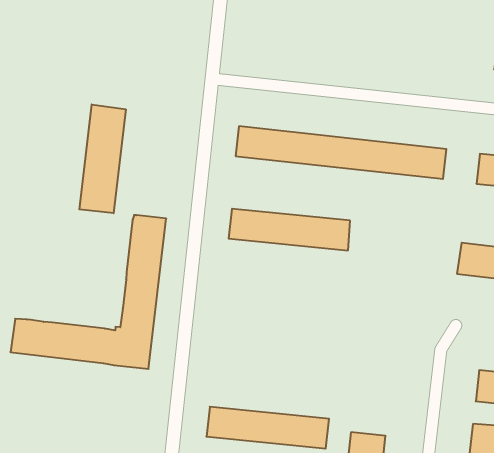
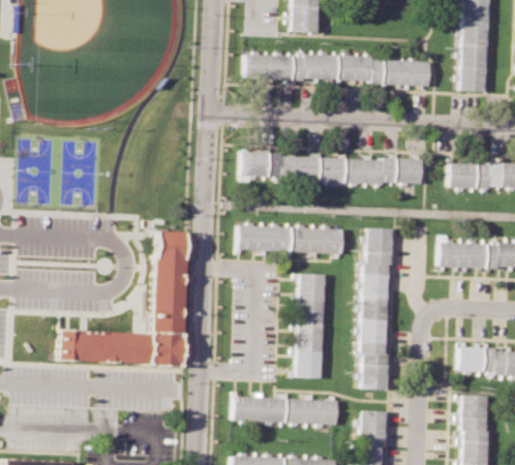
building: none -> [246,55,428,89]
building: [79,104,126,213] -> none
building: none -> [360,225,395,388]
building: none -> [296,274,326,377]

